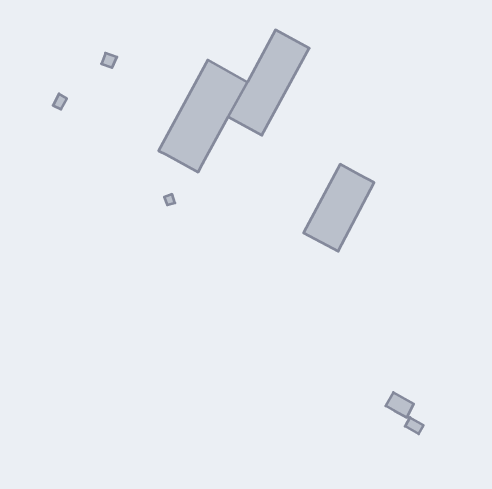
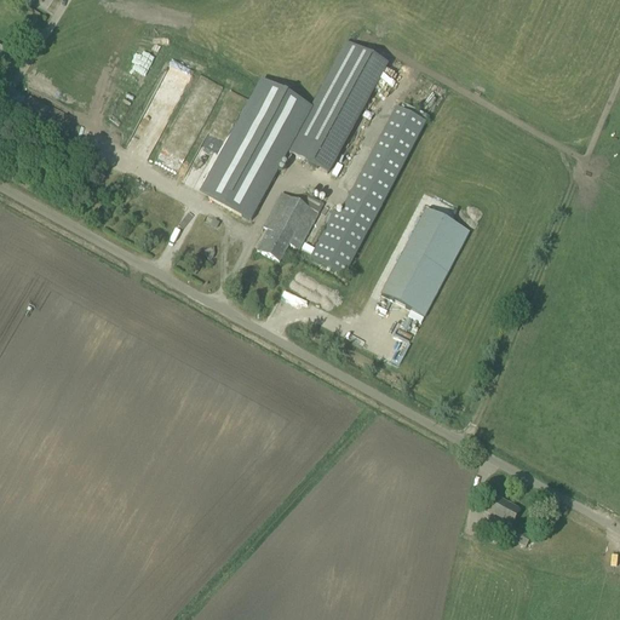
building: none -> [314,103,424,269]
building: none -> [264,190,326,259]

